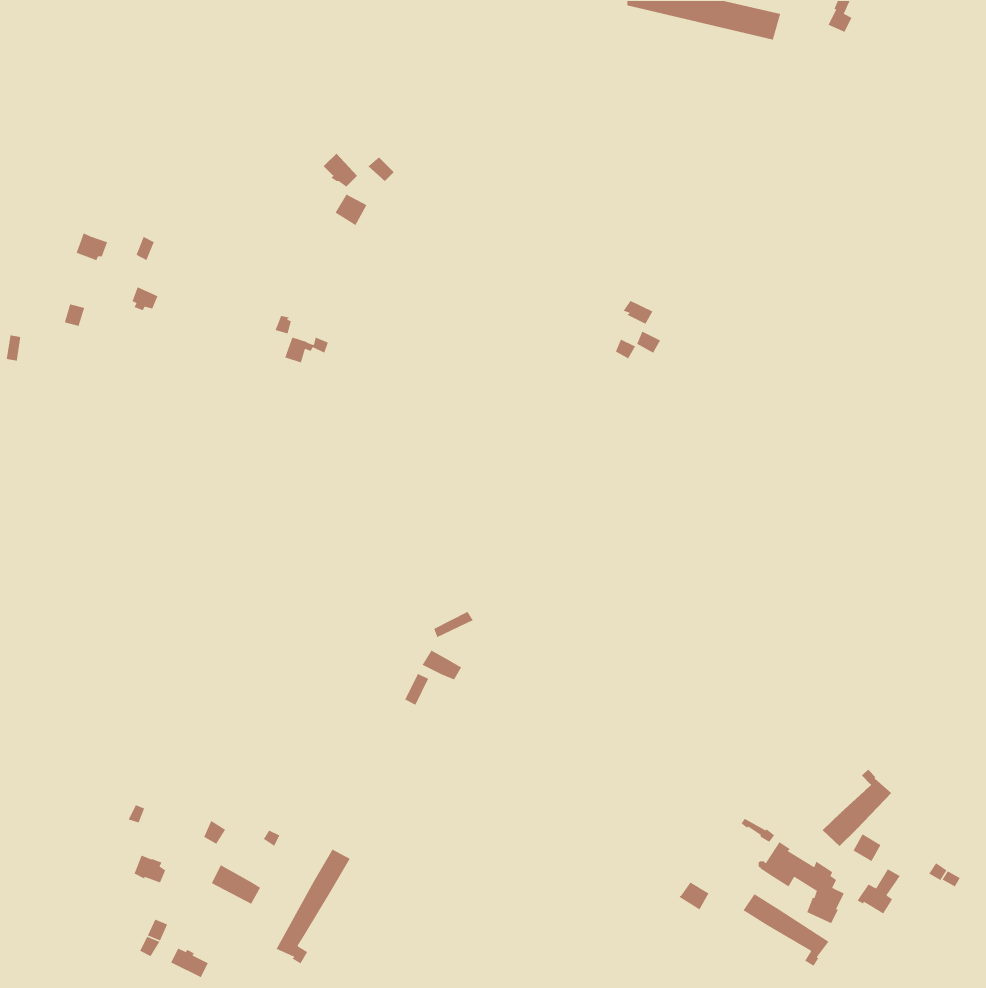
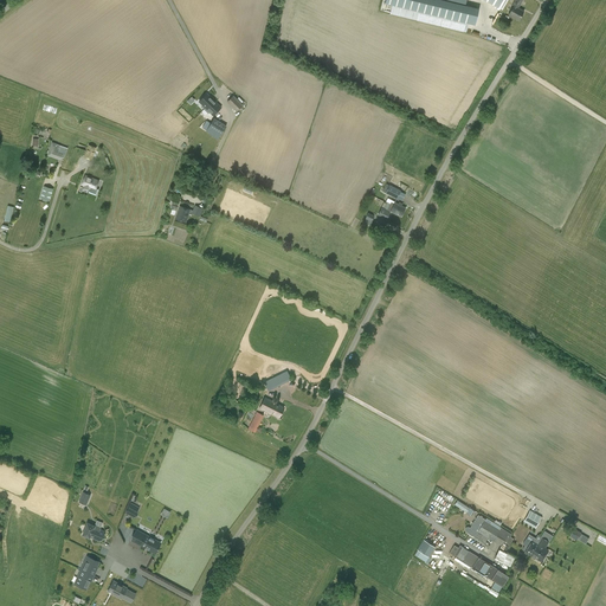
building: [822,769,892,847] -> none
building: [275,848,351,964] -> none

